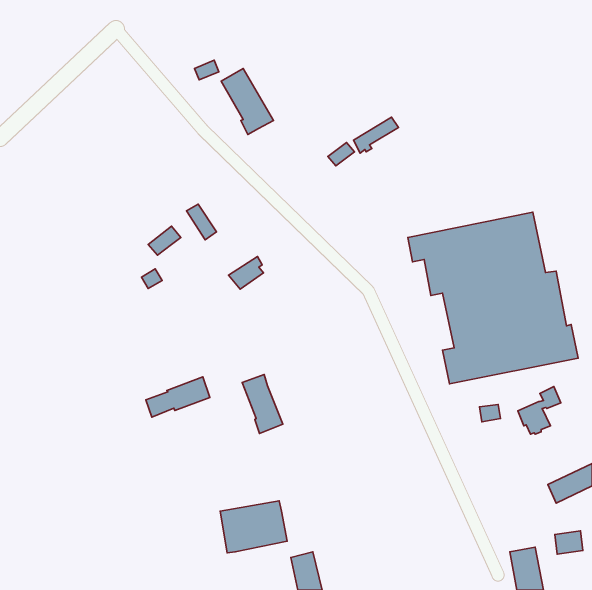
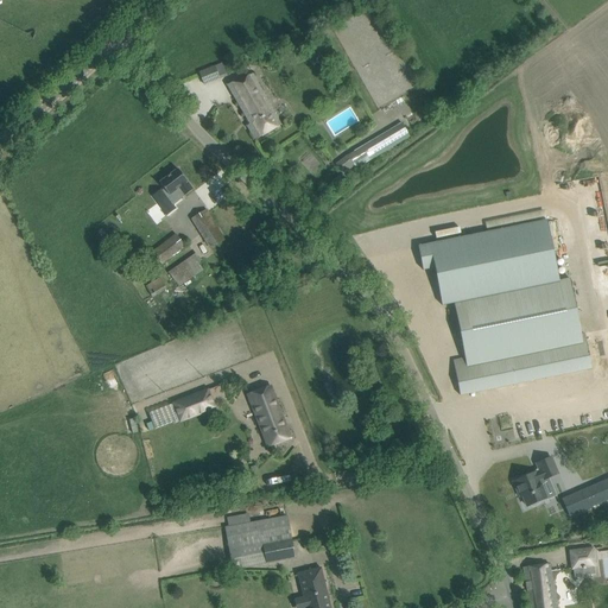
building: none -> [152,166,192,213]
building: [229,257,263,289] -> [167,251,203,284]
building: [518,387,561,434] -> [514,455,558,504]

